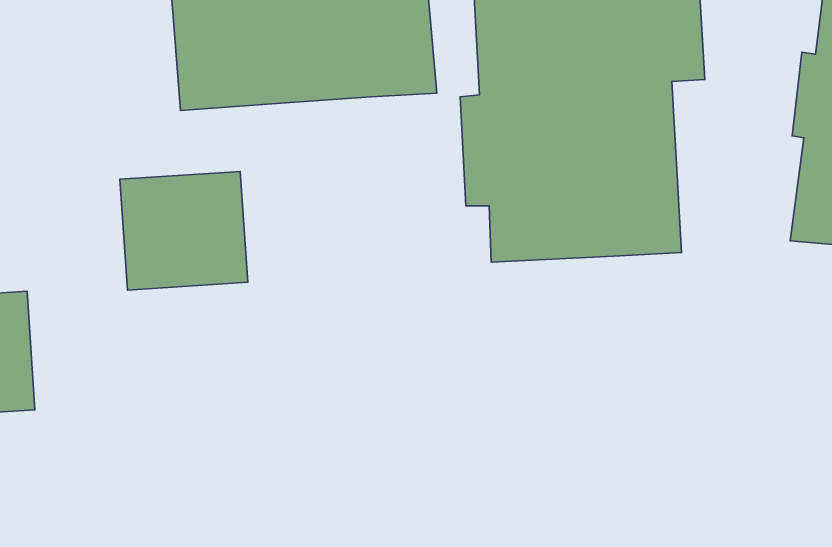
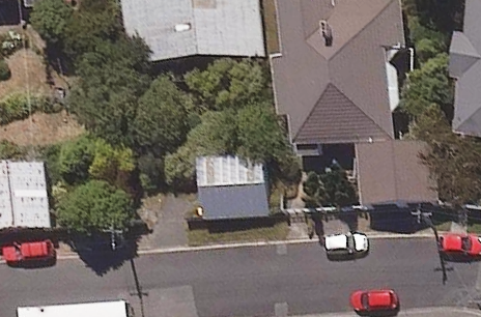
building: [120,171,248,290] -> [197,153,265,217]
building: none -> [357,139,436,202]

